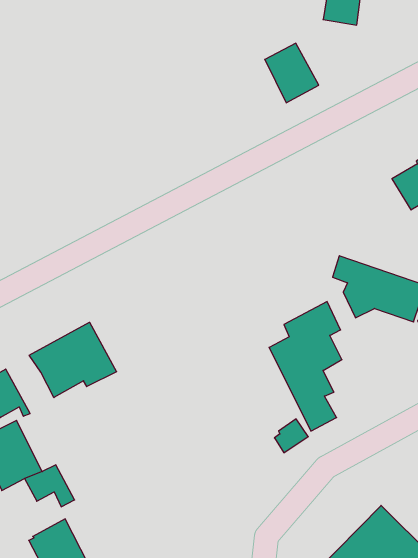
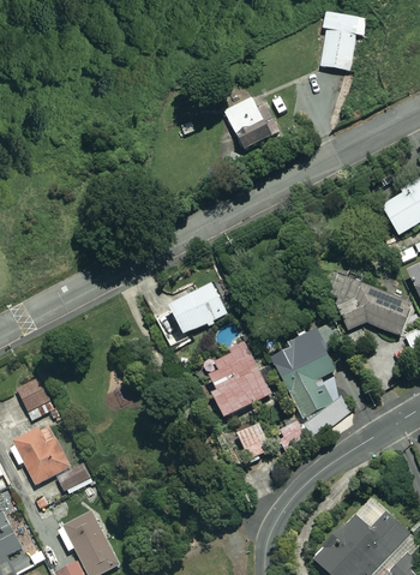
building: [265,43,319,103] -> [224,96,272,149]
building: none -> [169,283,228,335]
building: [29,322,117,398] -> none
building: none -> [203,341,270,415]
building: none -> [238,424,269,457]

